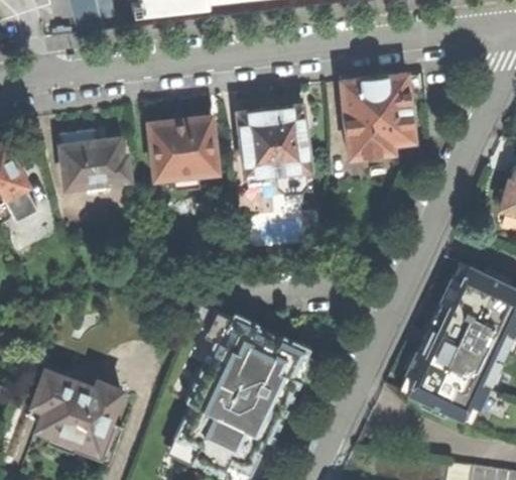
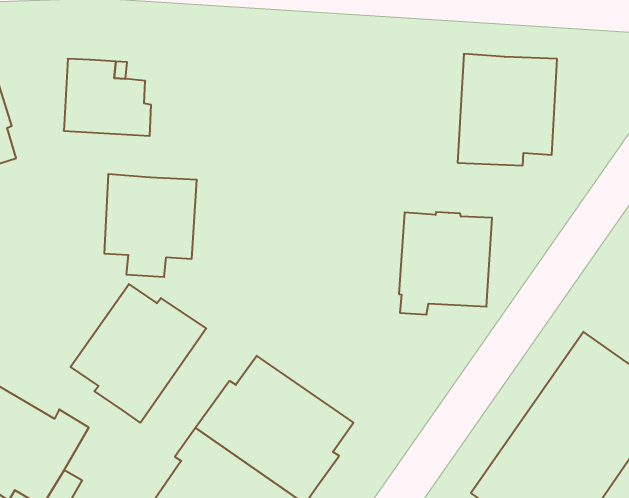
building: [239,104,308,183] -> [399,212,492,315]
building: [148,114,218,190] -> [104,174,197,277]
building: none -> [71,284,206,423]

